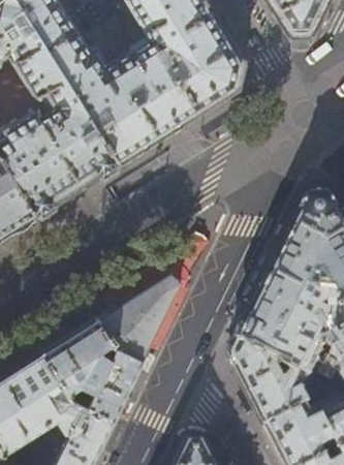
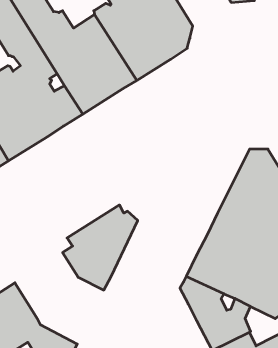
building: [42,318,143,422] -> none

